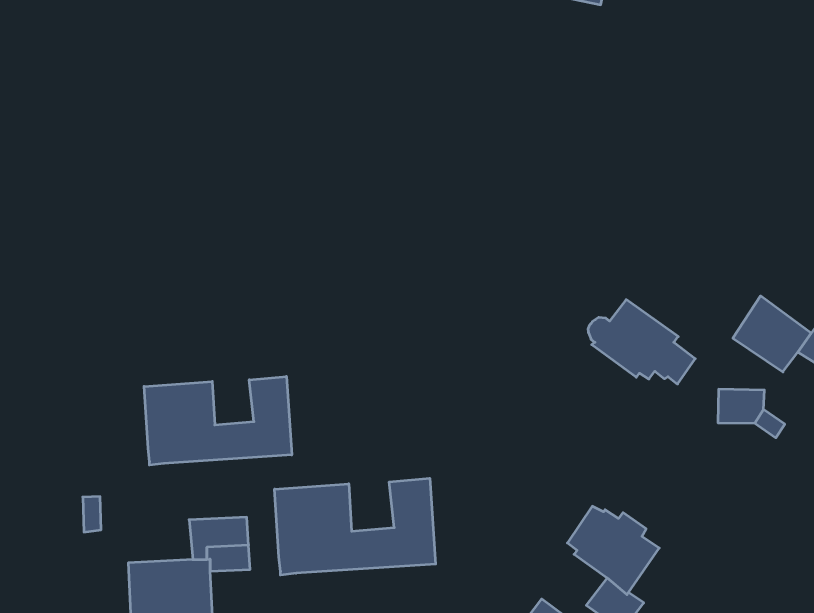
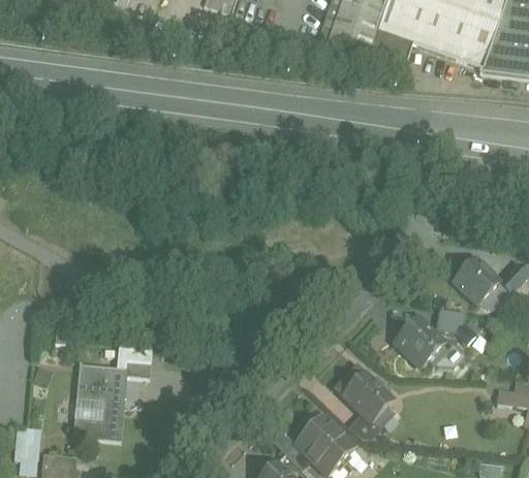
building: [588,300,695,384] -> [396,316,457,370]
building: [144,376,292,465] -> none
building: [275,478,436,575] -> none

